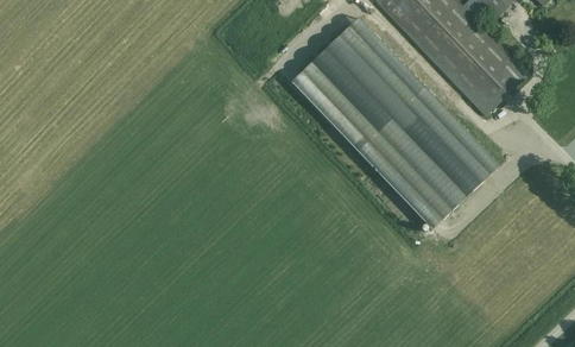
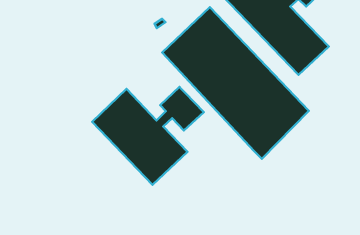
building: none -> [92,87,204,185]

